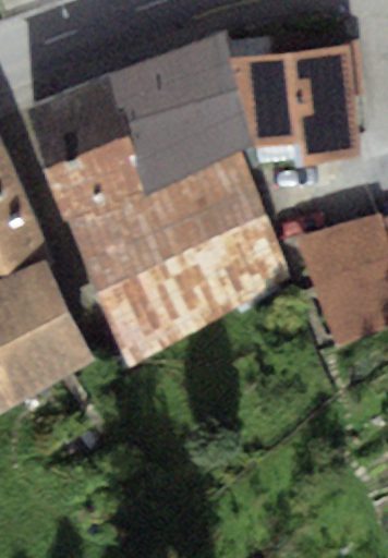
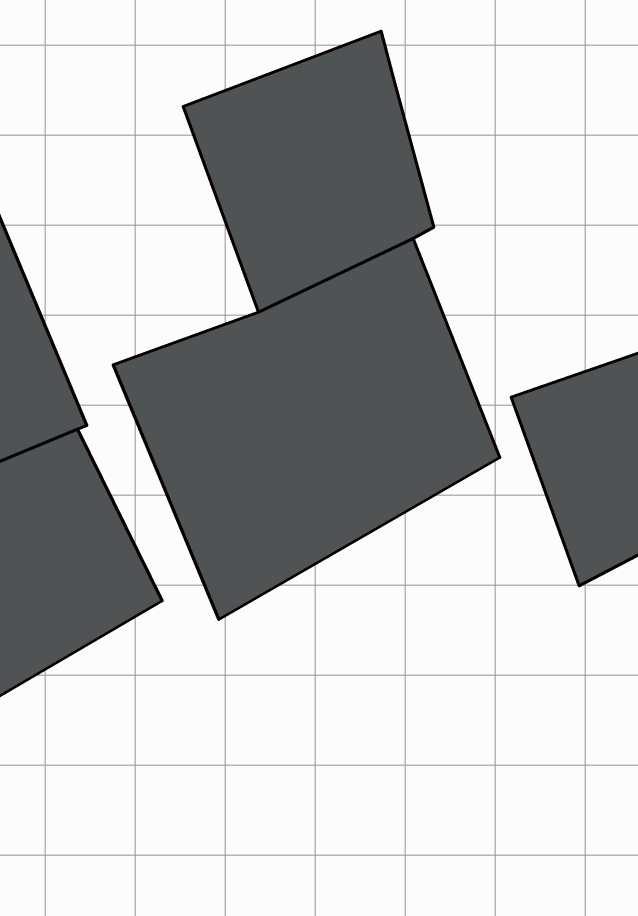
building: [228,44,362,163] -> none
building: [25,73,150,222] -> none

